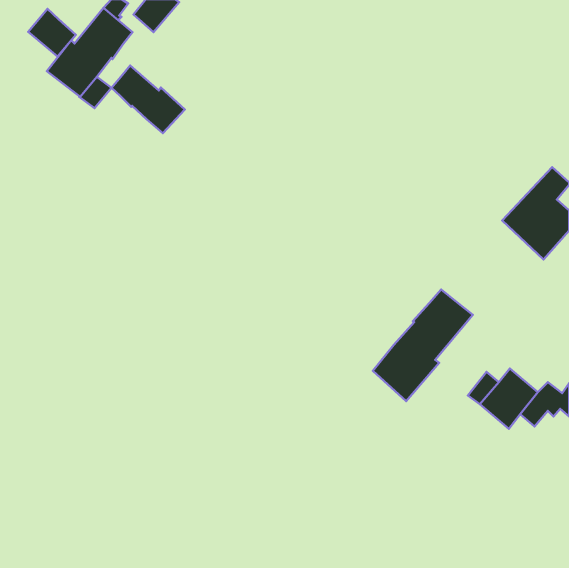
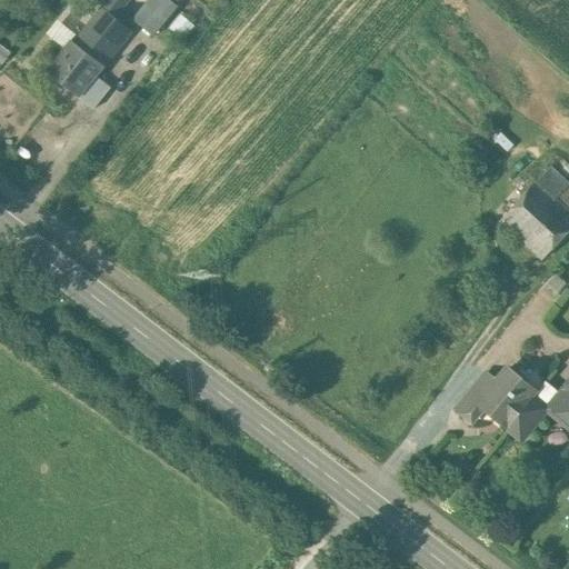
building: [28,9,76,56] -> none
building: [111,66,185,133] -> none
building: [373,289,473,401] -> none

